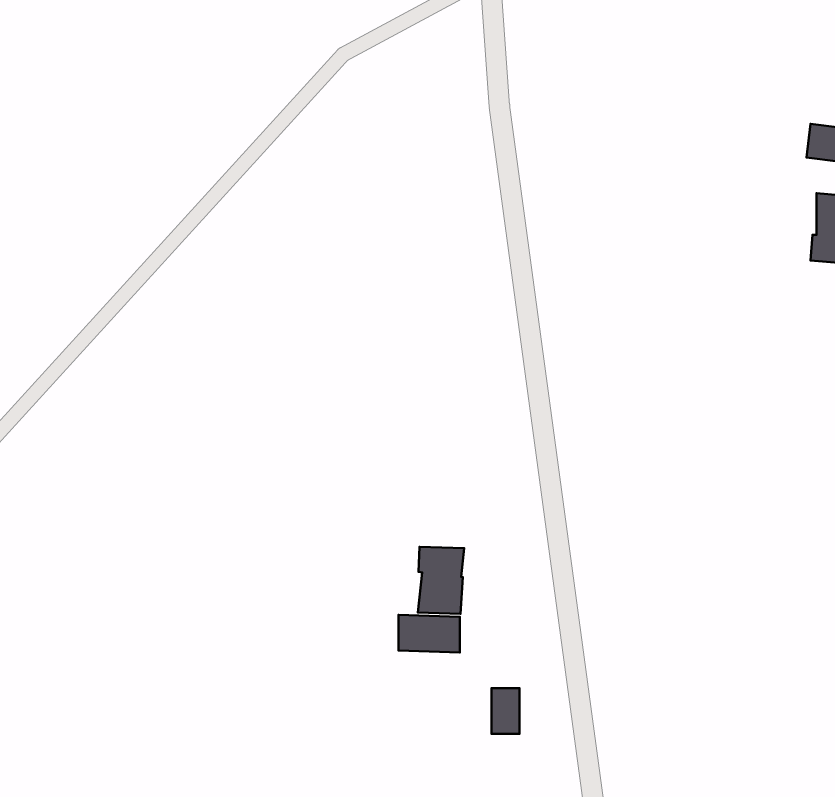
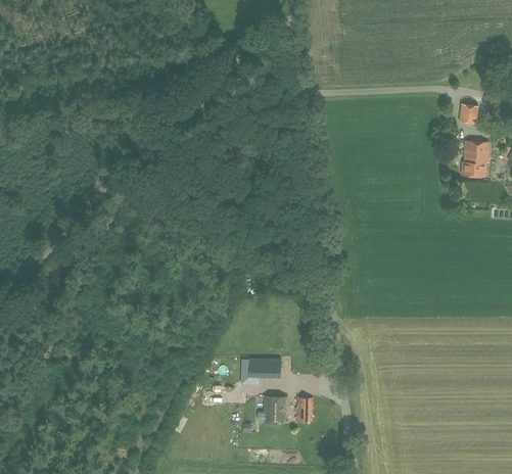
building: [418,547,464,614] -> none
building: none -> [255,396,285,422]

